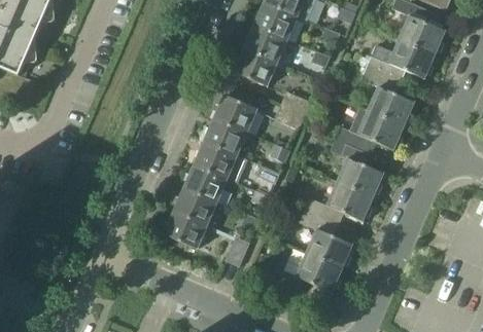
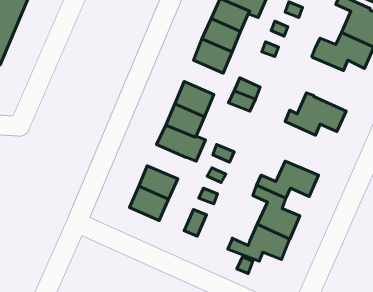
building: [360,66,416,126] -> none
building: [331,138,384,197] -> none
building: [183,163,227,201] -> none

